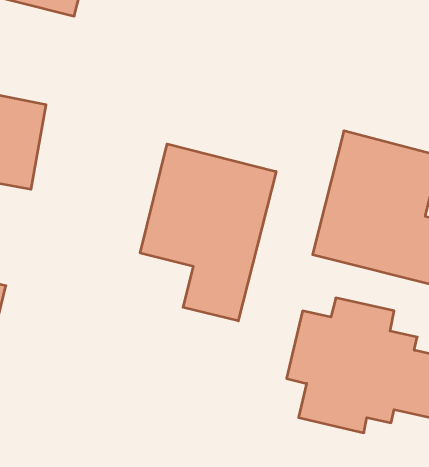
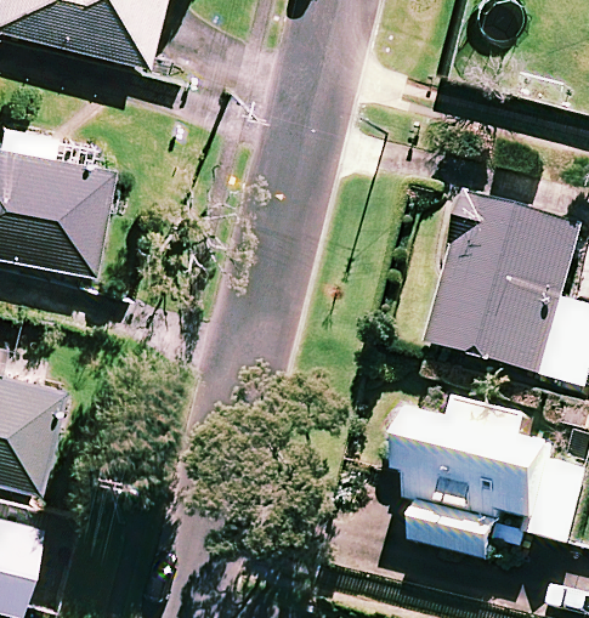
building: [140,144,276,321] -> none

